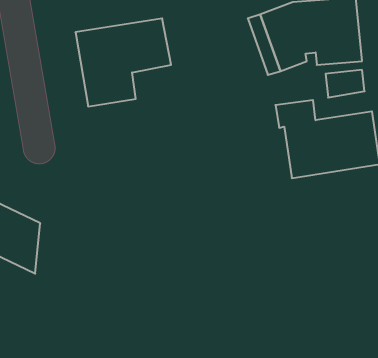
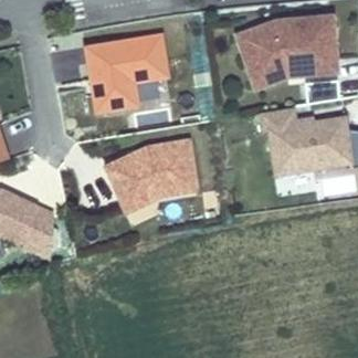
building: none -> [105,140,197,207]

